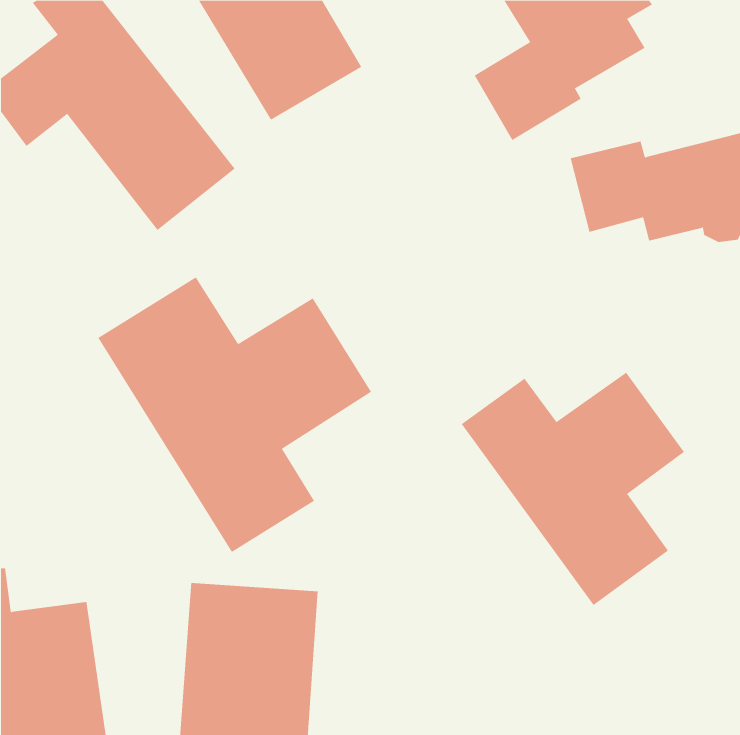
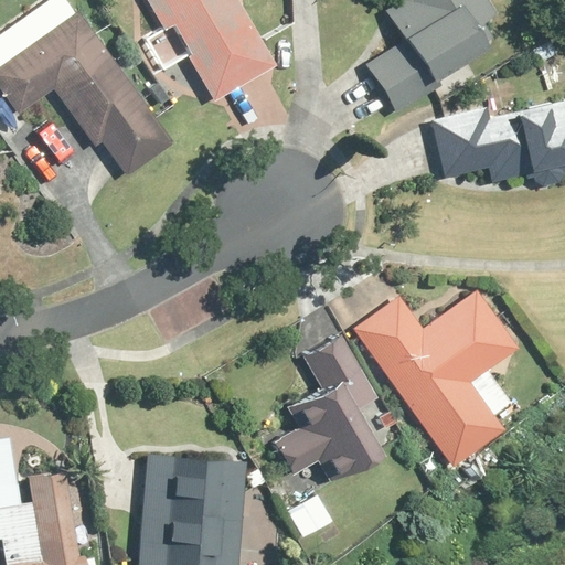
building: [97,276,372,553] -> none
building: none -> [260,335,379,494]

